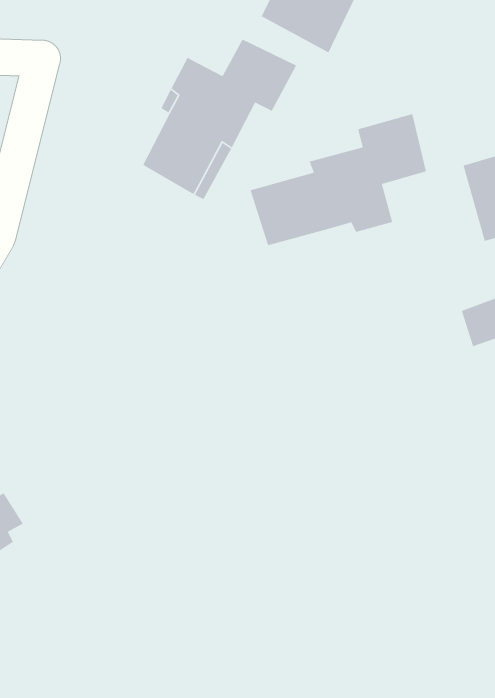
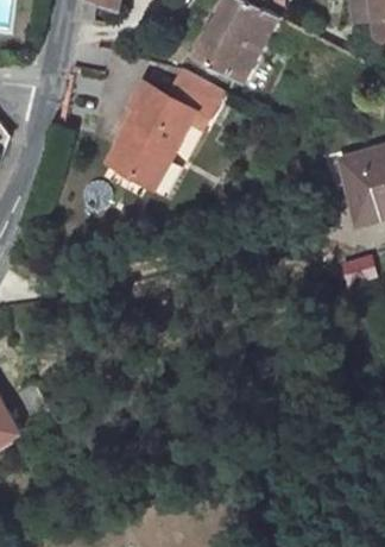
building: [249,113,427,246] -> none

